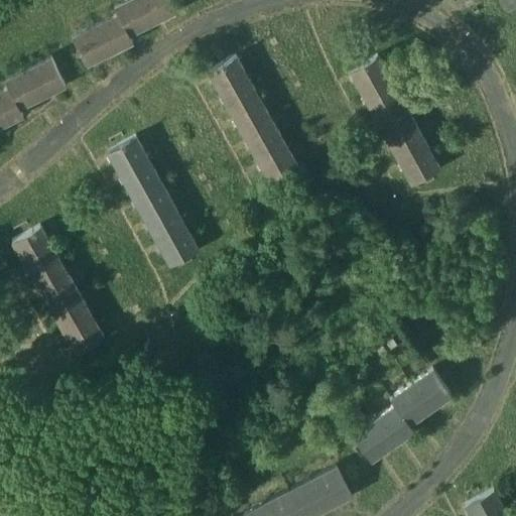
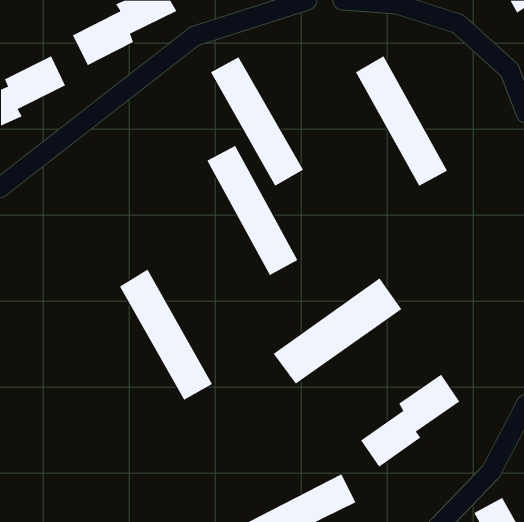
building: [109,139,199,267] -> [207,145,298,276]
building: [13,227,105,356] -> [119,269,213,401]
building: none -> [273,277,402,384]

